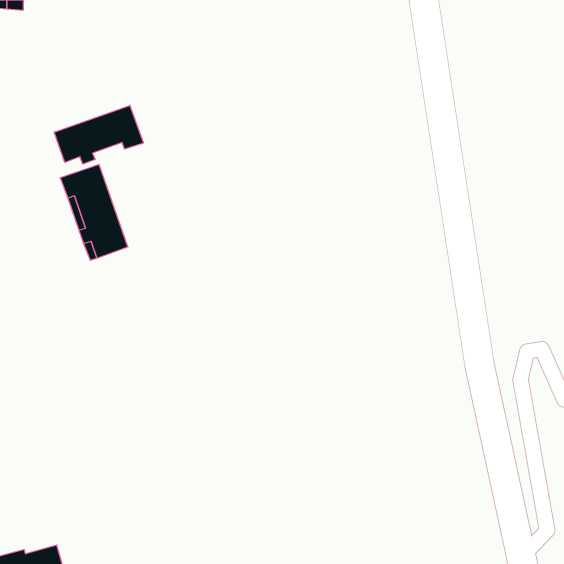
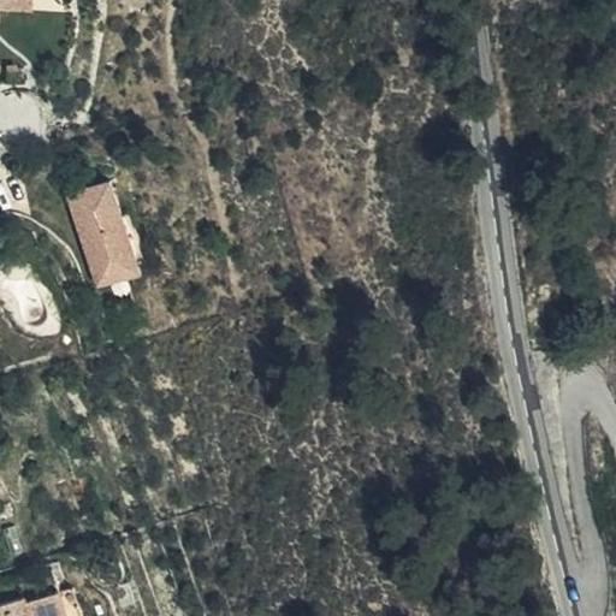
building: [54,105,143,164] -> none

